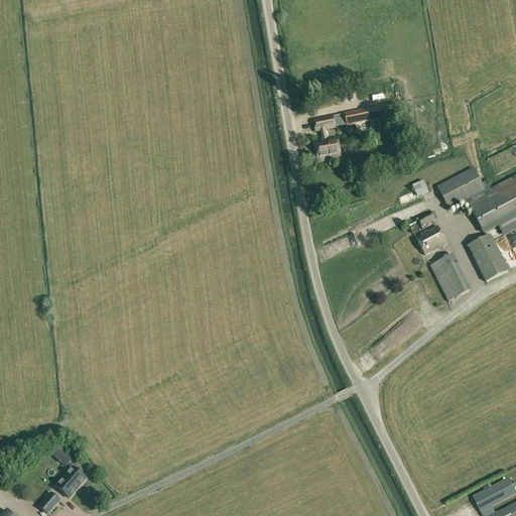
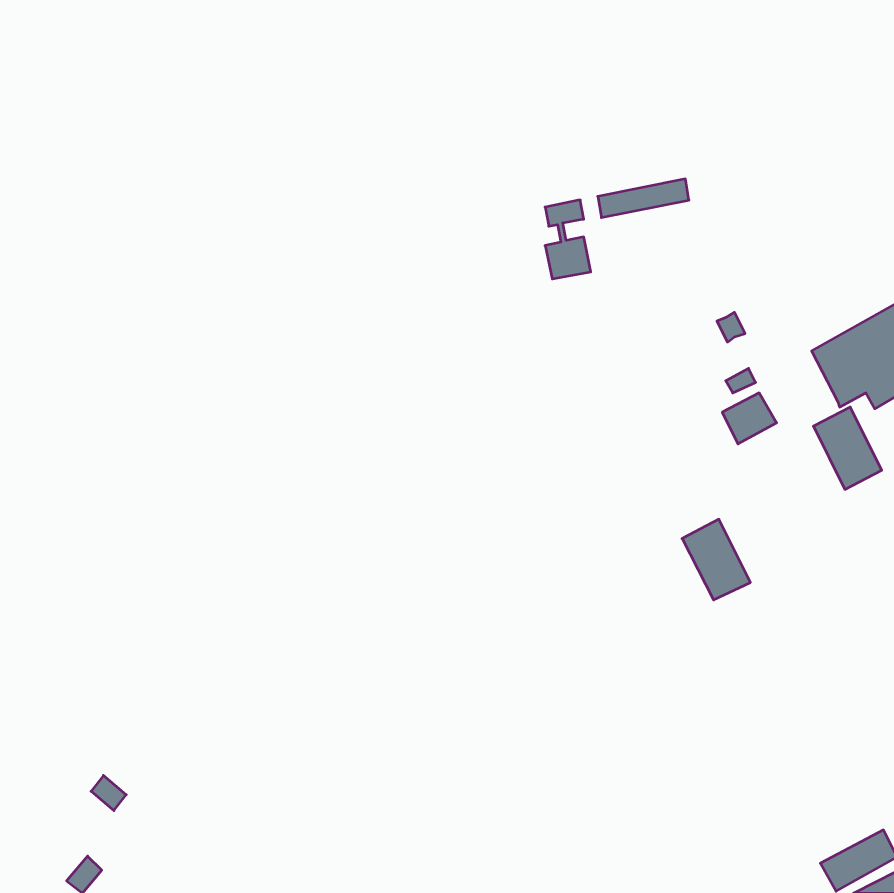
building: [437,166,486,209] -> none
building: [431,254,471,300] -> [682,519,750,600]
building: [56,467,87,497] -> none

